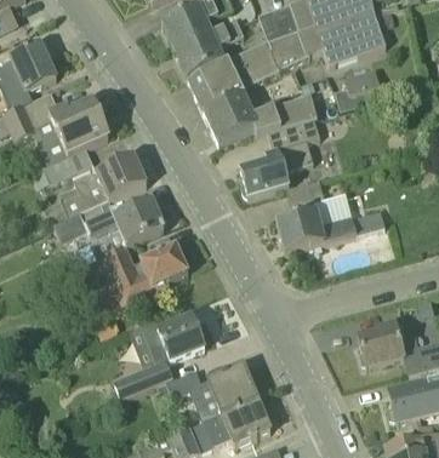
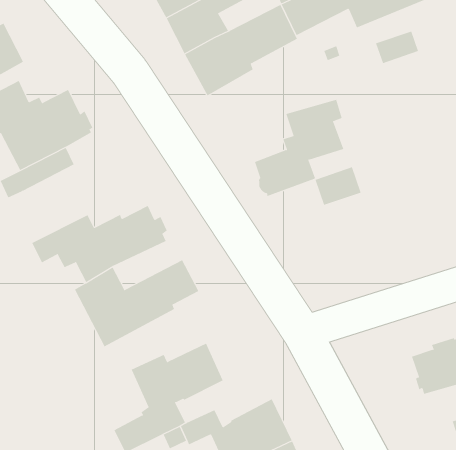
building: [205,92,318,143] -> none
building: [46,154,147,224] -> none
building: [278,208,386,252] -> none

